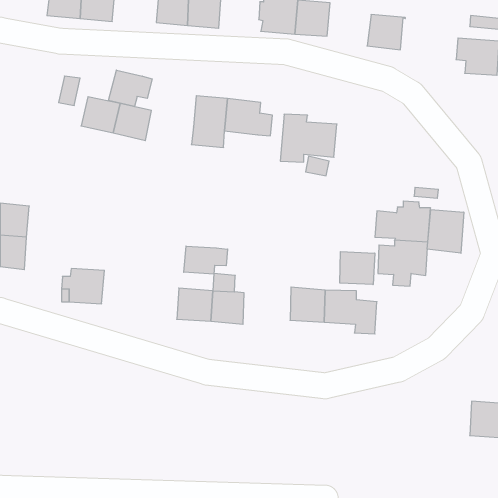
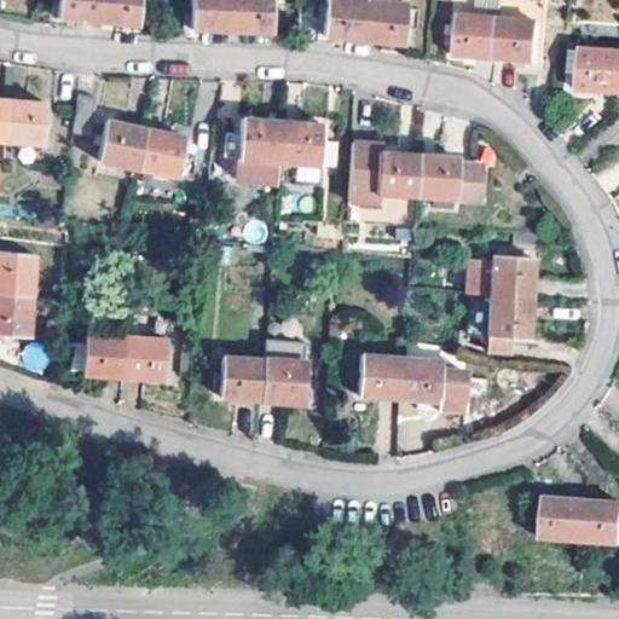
building: none -> [497,22,540,66]
building: [109,70,152,107] -> none
building: none -> [6,100,50,143]
building: none -> [415,154,484,199]
building: [427,210,464,253] -> none
building: [184,246,228,274] -> none
building: [340,252,375,285] -> none
building: none -> [127,335,168,378]
building: none -> [542,493,585,539]

